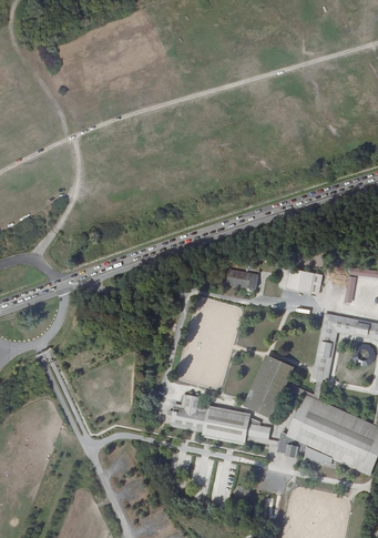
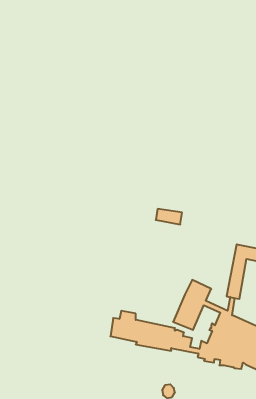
building: [278,267,319,293] -> none

